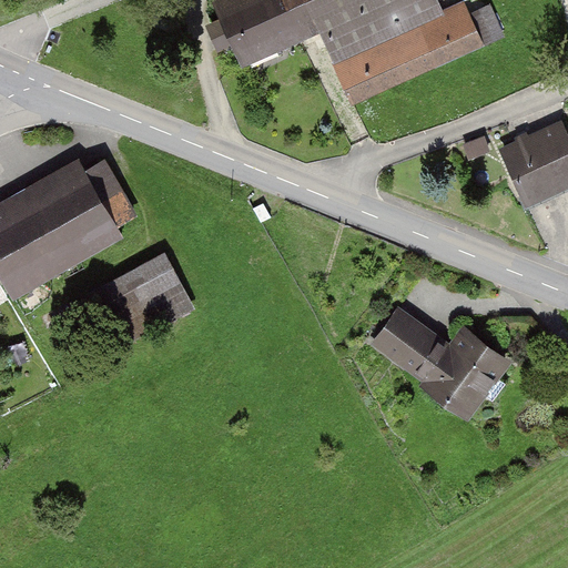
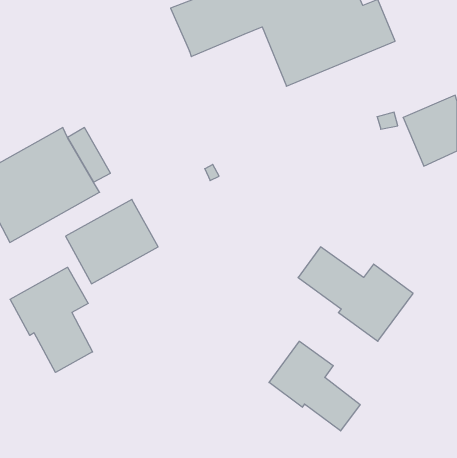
building: none -> [10,267,93,372]
building: none -> [269,341,360,431]

